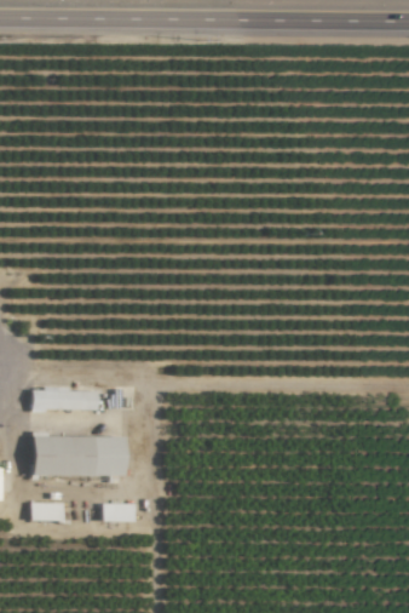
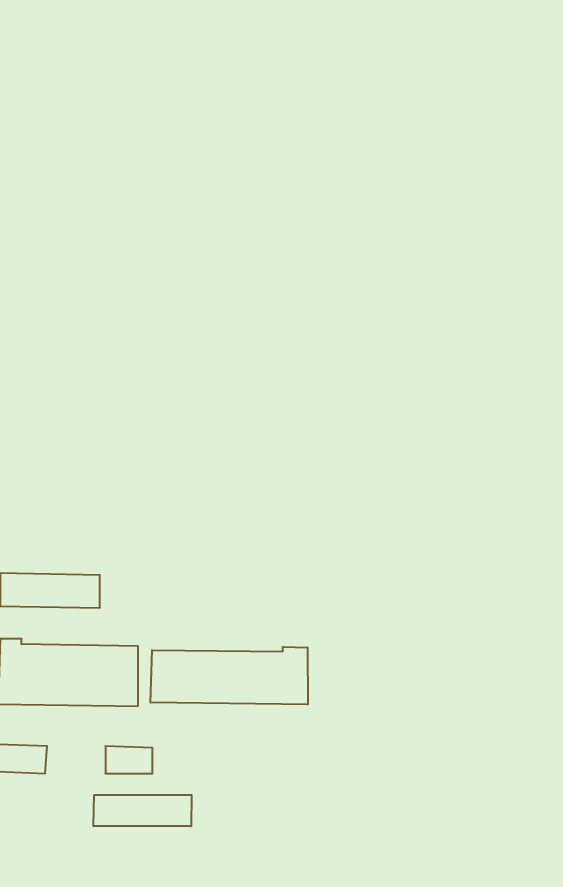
building: none -> [150,647,308,705]
building: none -> [94,795,192,826]

